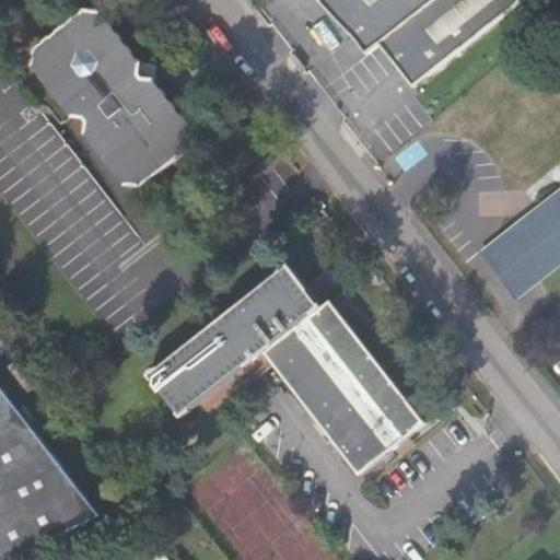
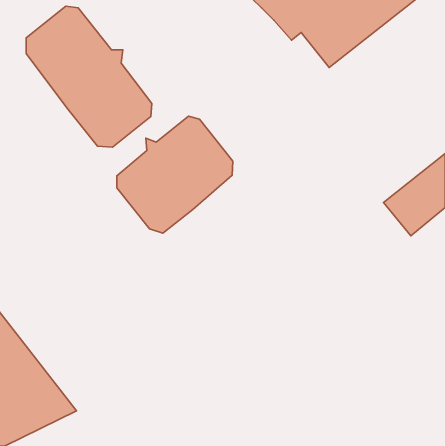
building: none -> [117,116,233,233]
building: [148,260,422,474] -> none

